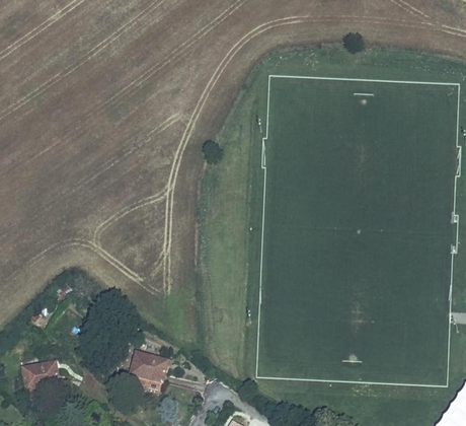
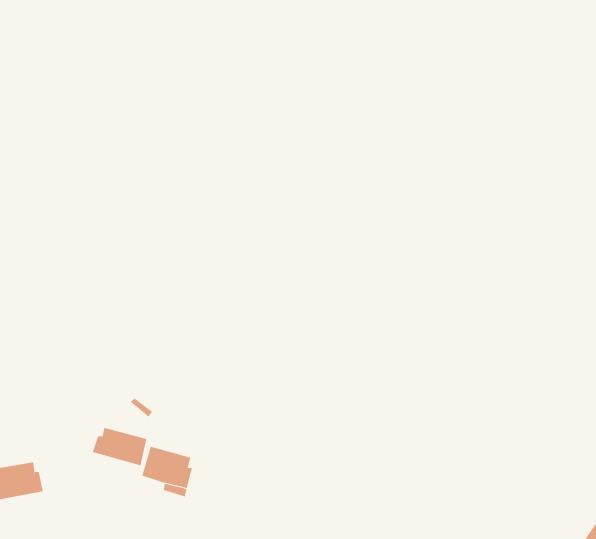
building: none -> [92,427,147,466]

